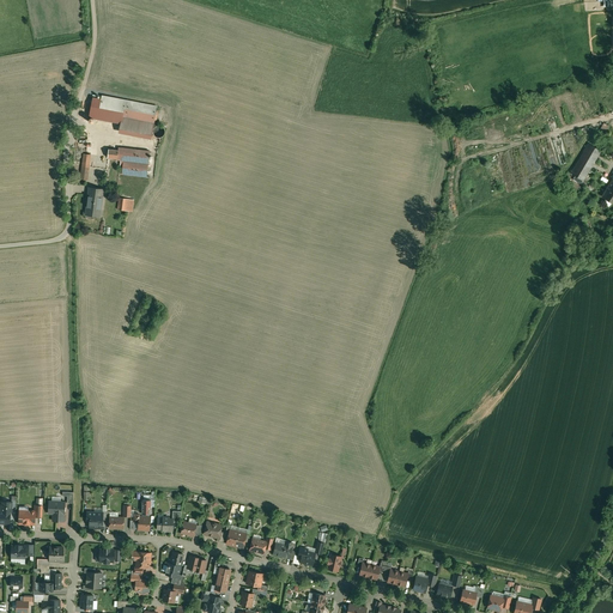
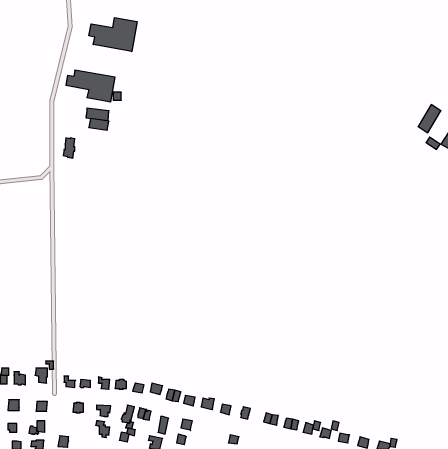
building: none -> [89,18,137,52]

